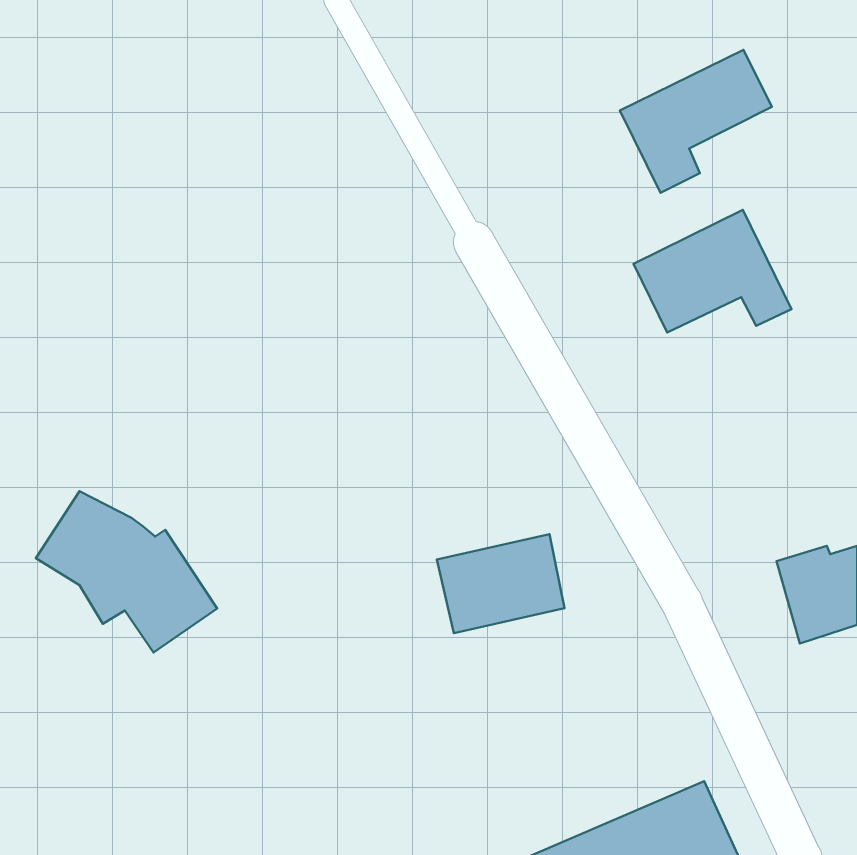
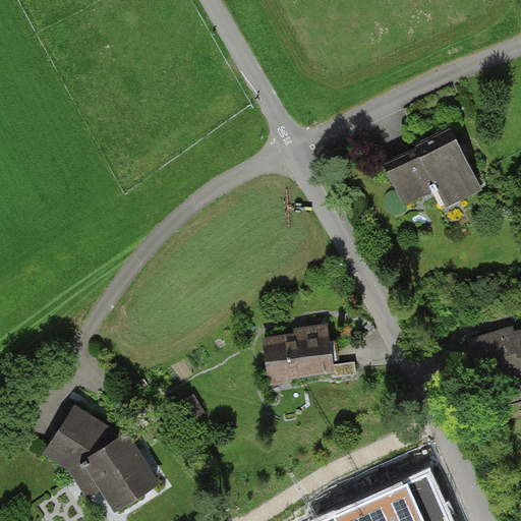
building: [620,50,772,193] -> none
building: [36,491,217,652] -> [46,411,156,509]

